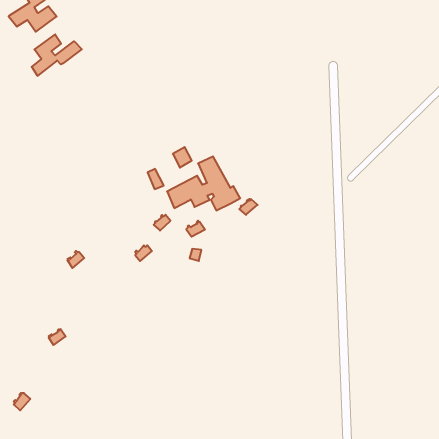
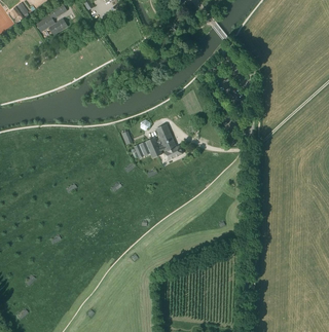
building: [32,34,82,76] -> none

